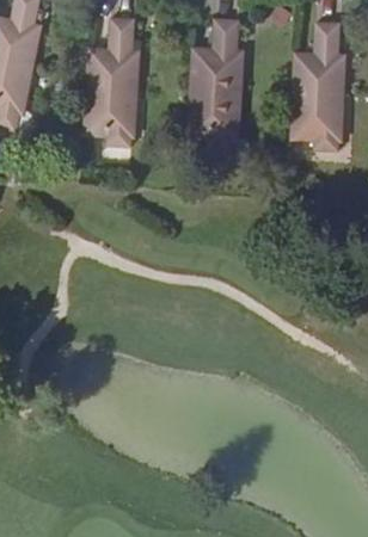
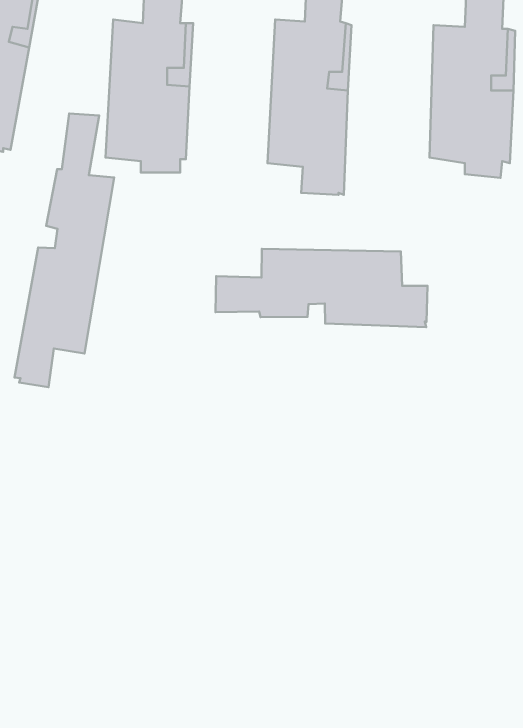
building: none -> [15,113,114,387]
building: none -> [216,249,427,327]

